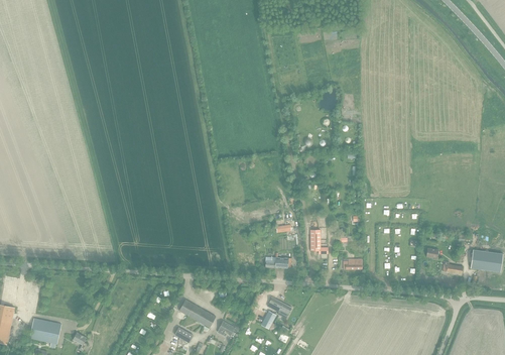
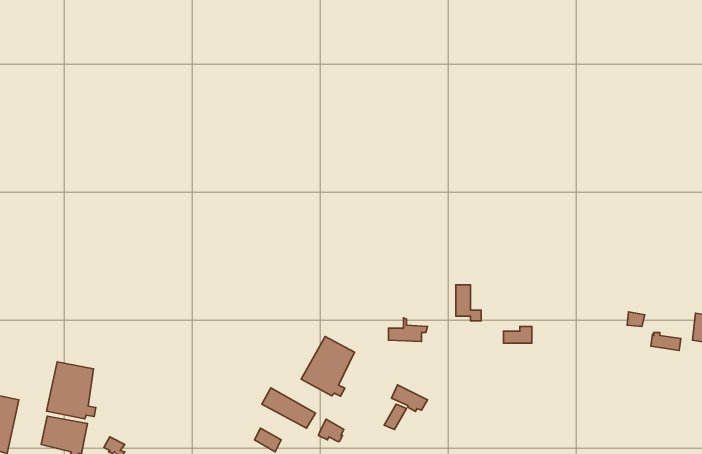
building: none -> [301,337,354,396]
building: none -> [47,362,96,419]

